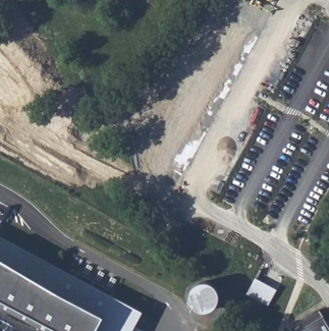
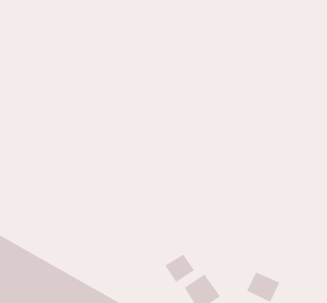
building: none -> [165,254,195,283]

